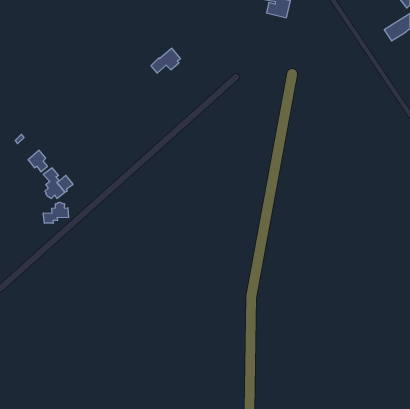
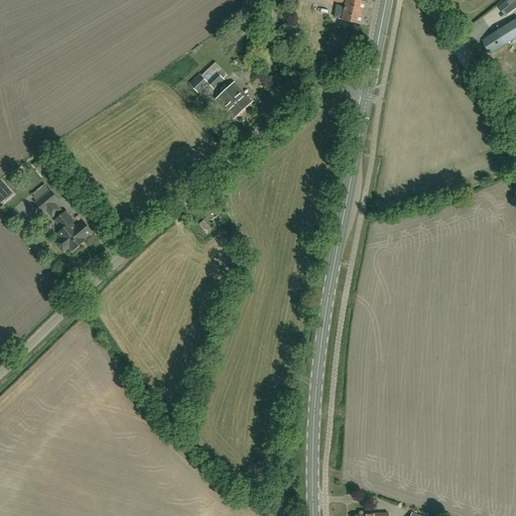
building: none -> [217,82,251,117]
building: [43,202,69,223] -> none

